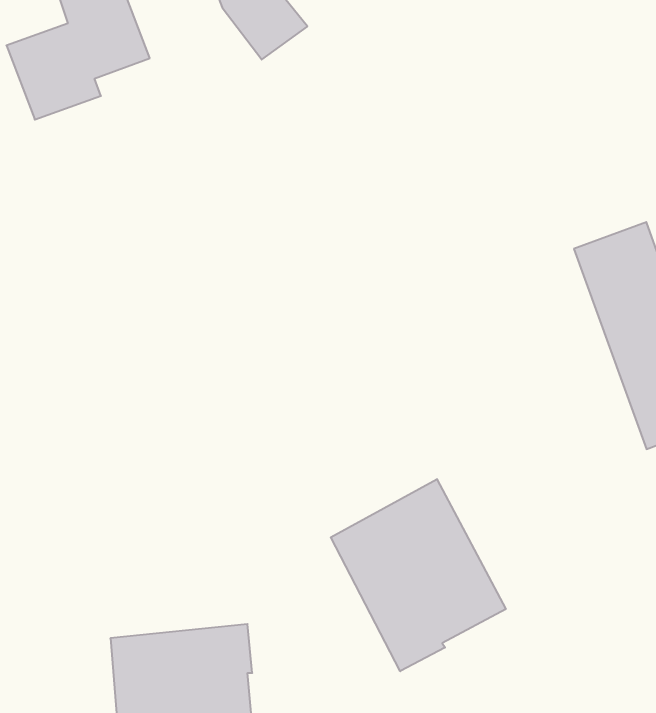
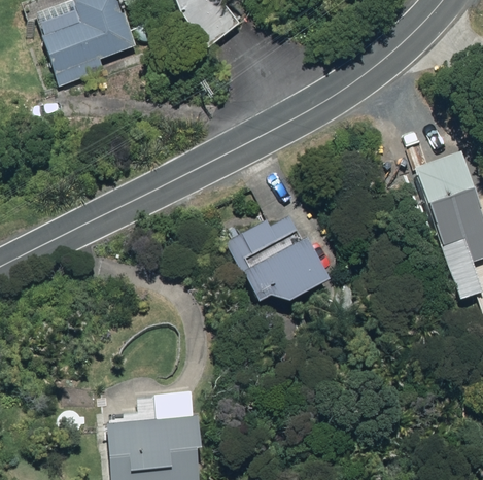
building: none -> [227,214,329,301]
building: [331,479,506,671] -> none

